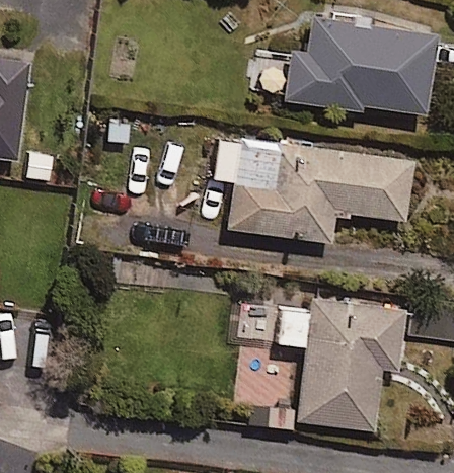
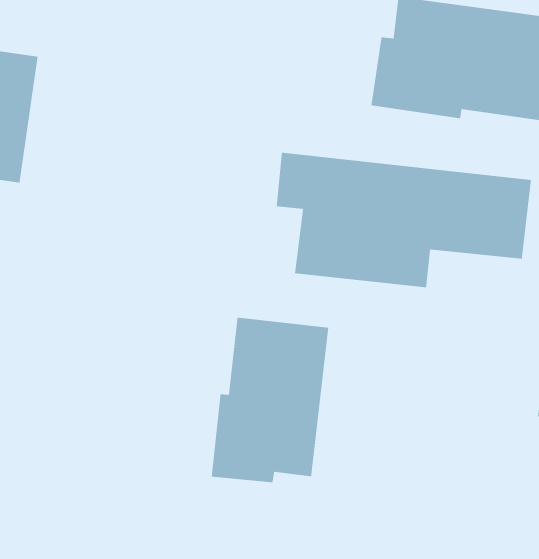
building: none -> [211,317,329,483]
building: [279,301,403,432] -> none

